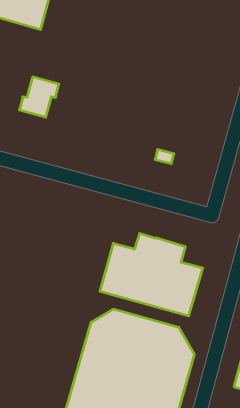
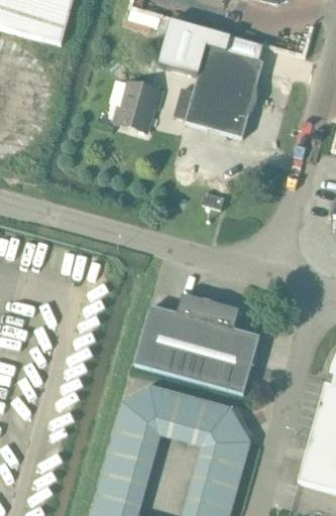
building: none -> [157,18,263,136]
building: [19,77,59,117] -> [114,80,162,129]

